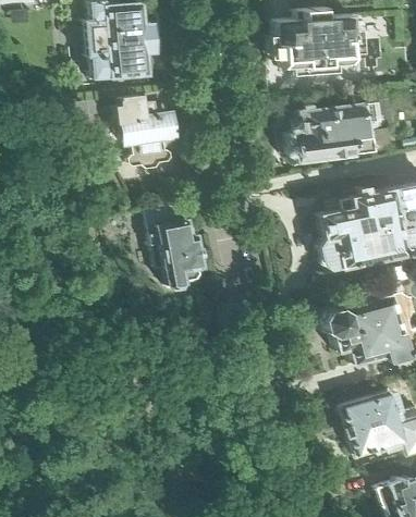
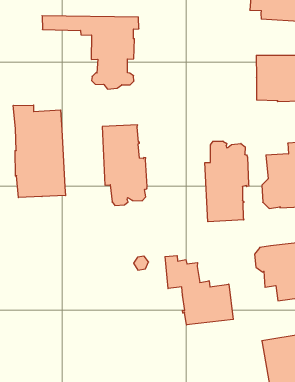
building: none -> [13,105,66,198]
building: none -> [205,141,249,222]
building: none -> [165,256,233,325]

